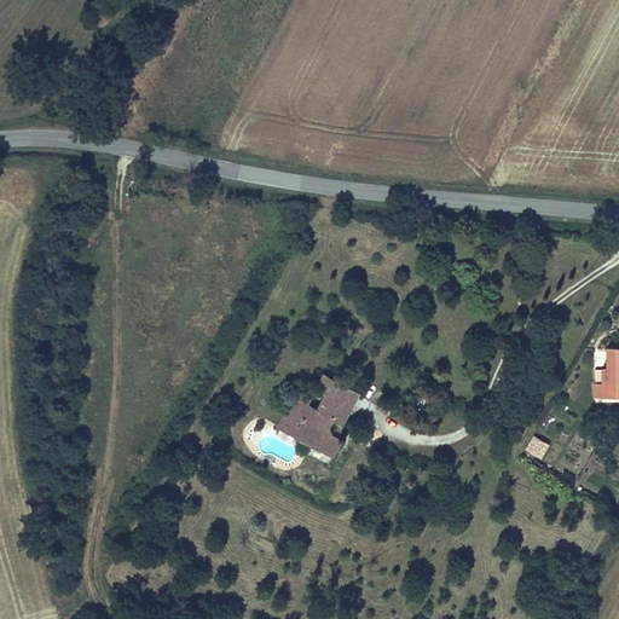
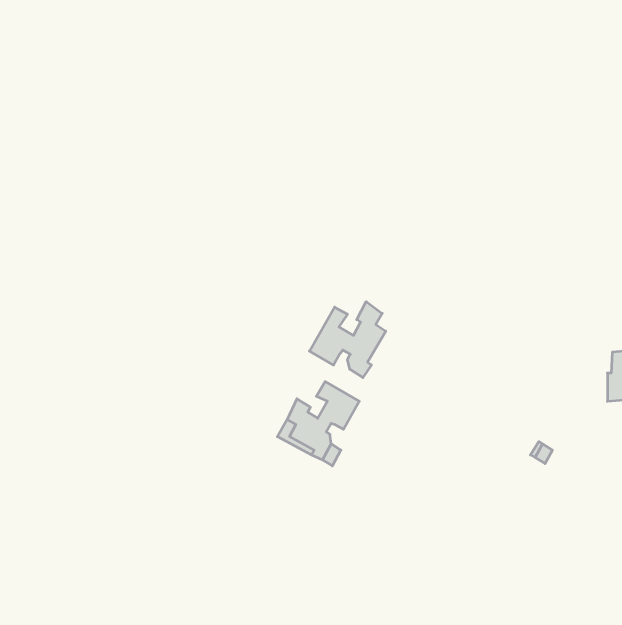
building: none -> [309,302,386,378]

